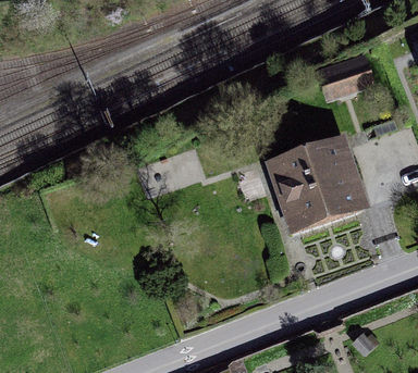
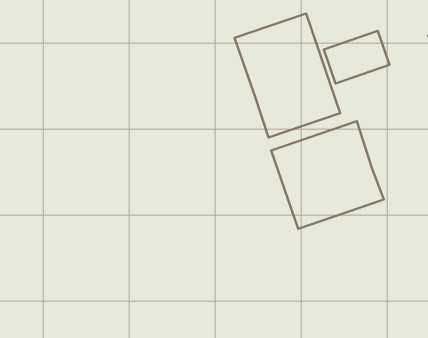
building: none -> [234,13,340,138]

